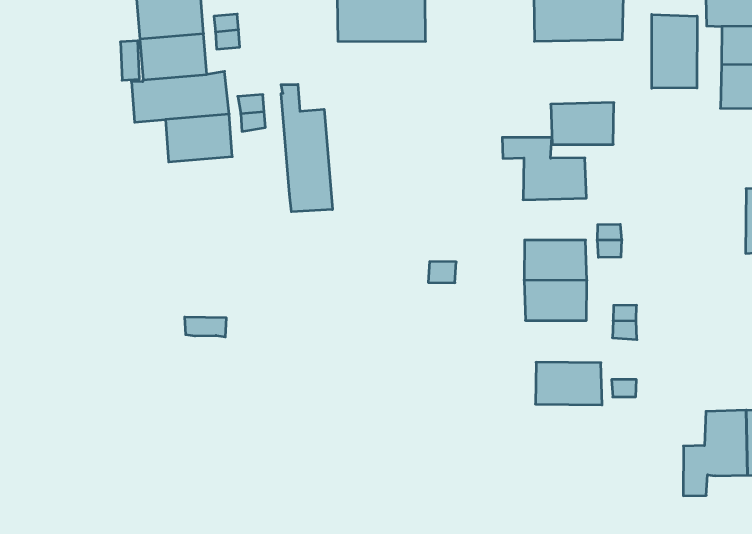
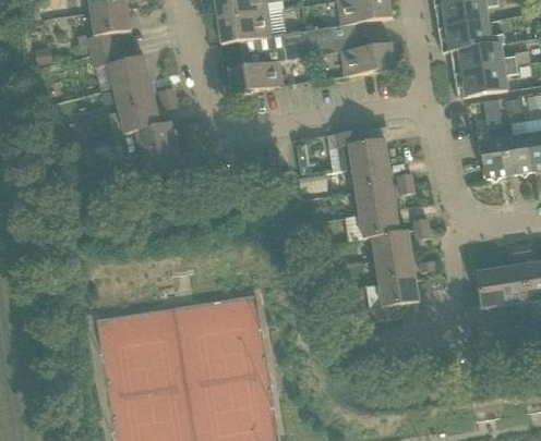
building: [652,14,697,88] -> none
building: [281,84,332,212] -> none
building: [551,103,614,145] -> [352,159,392,188]
building: none -> [364,228,411,257]
building: none -> [371,275,419,319]

